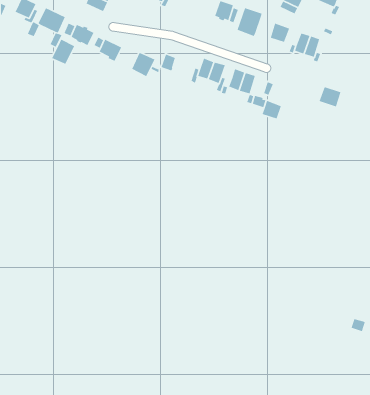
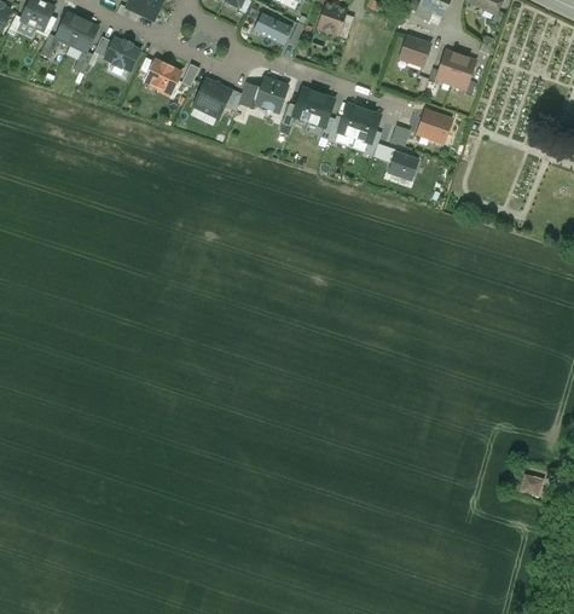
building: [236,7,263,37] -> none
building: none -> [254,12,292,45]
building: [51,38,75,65] -> none
building: none -> [256,77,288,111]
building: [319,86,341,107] -> [417,110,451,141]

